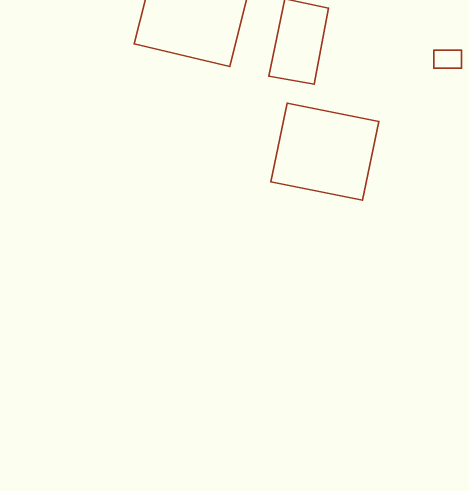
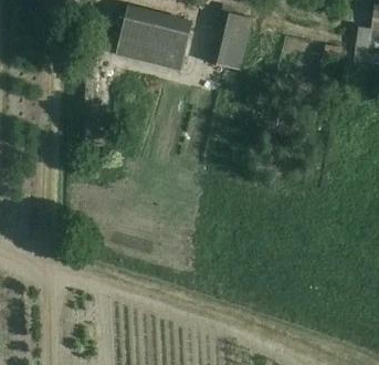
building: [271,103,379,200] -> none

